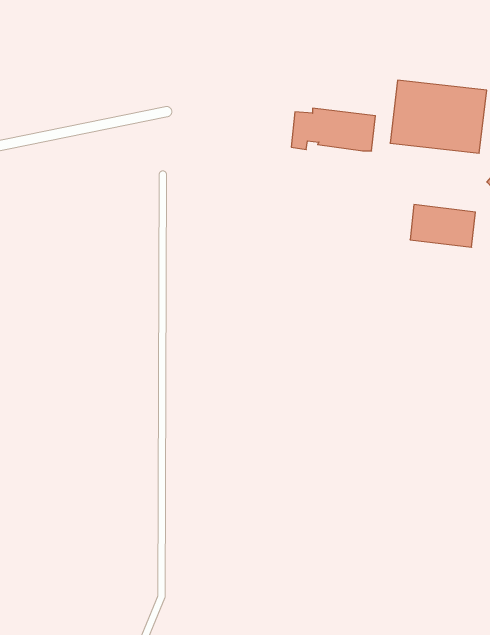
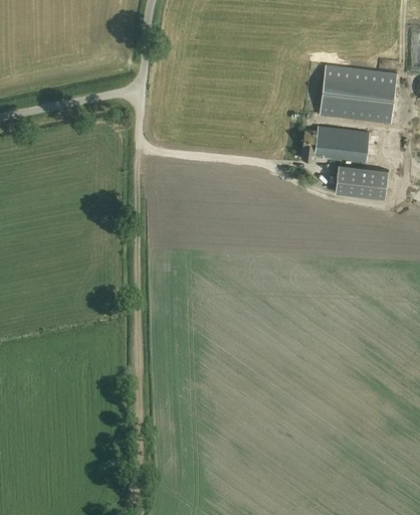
building: [291,108,375,151] -> [301,128,369,162]

